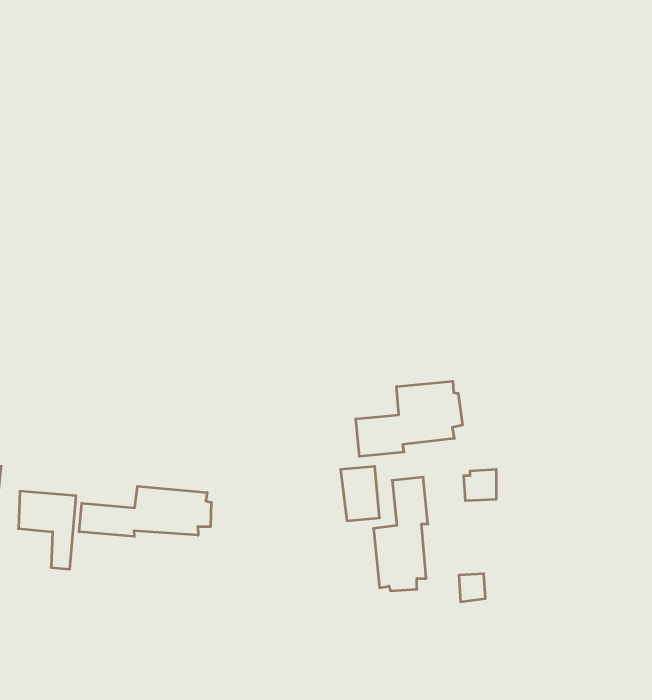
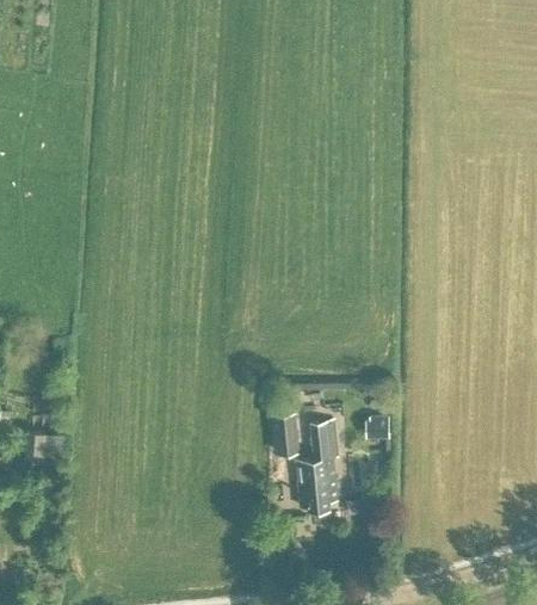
building: [356,381,462,456] -> none
building: [79,486,211,536] -> none

